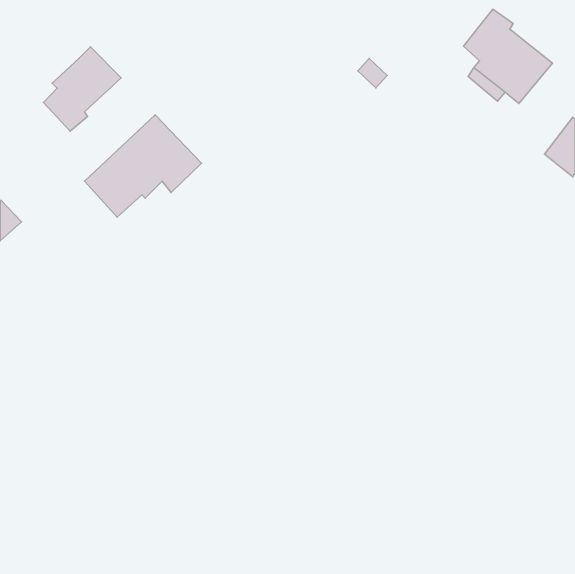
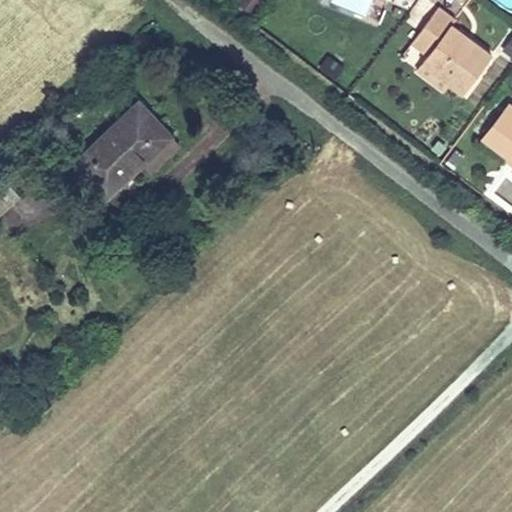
building: [44,47,121,131] -> none

